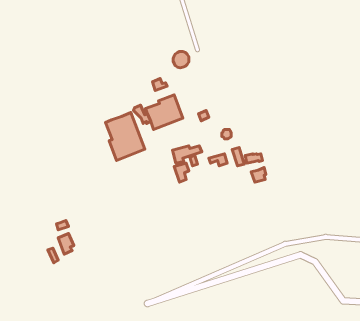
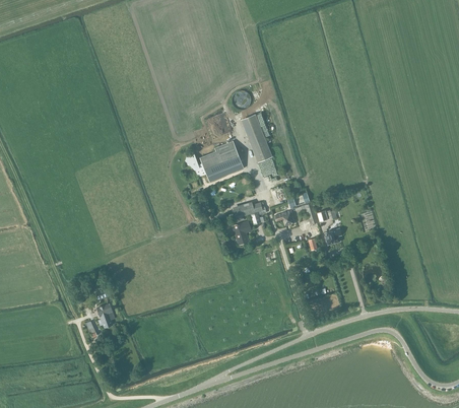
building: none -> [241,114,272,162]
building: [106,113,145,160] -> none

